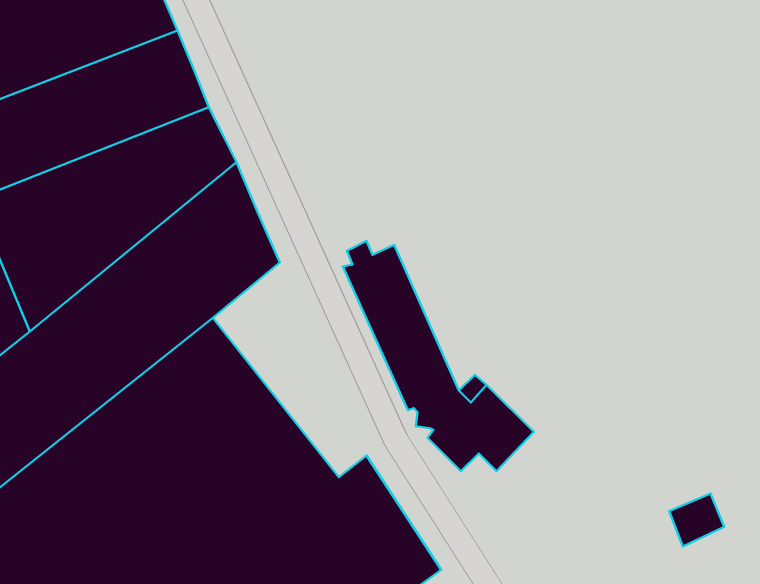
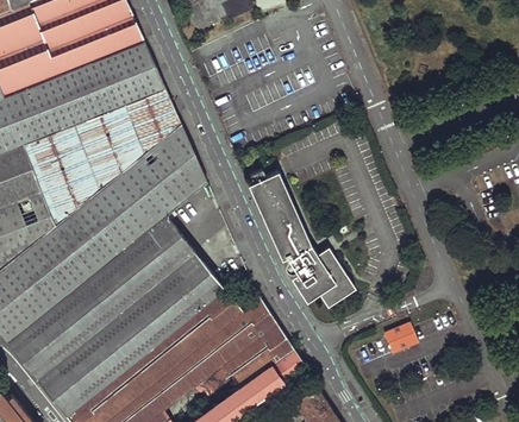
building: [669,493,724,547] -> [390,321,424,353]

